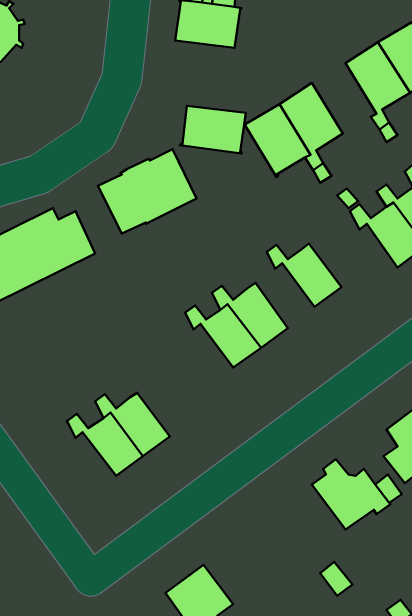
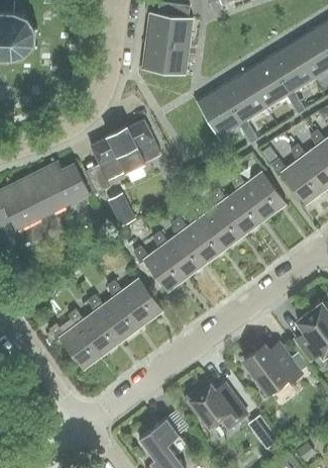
building: none -> [243,58,290,108]
building: [180,106,246,154] -> [140,41,188,76]
building: none -> [230,172,285,218]
building: none -> [107,192,135,226]
building: none -> [191,201,245,248]
building: none -> [133,245,187,291]
building: none -> [107,279,161,325]
building: none -> [48,316,103,369]
building: none -> [184,385,247,429]

